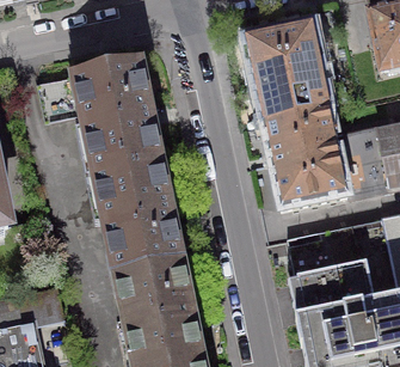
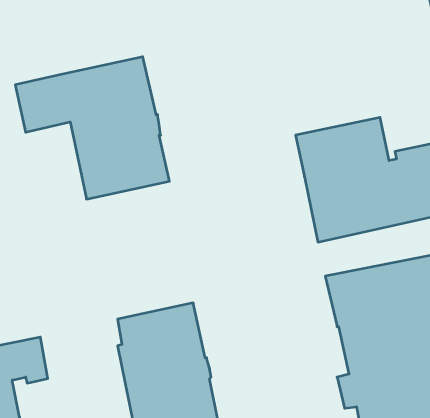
building: [245,23,331,122] -> none
building: [94,159,181,270] -> none

